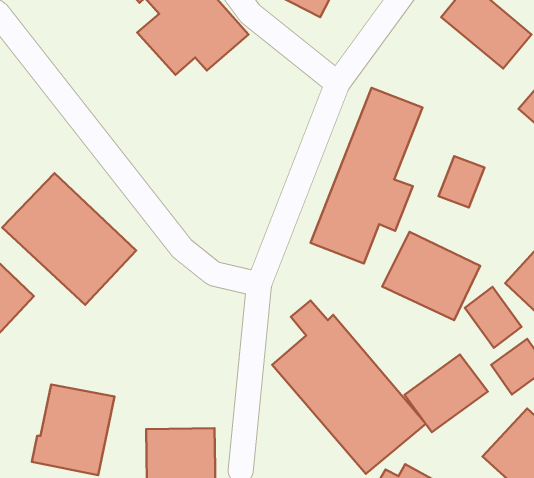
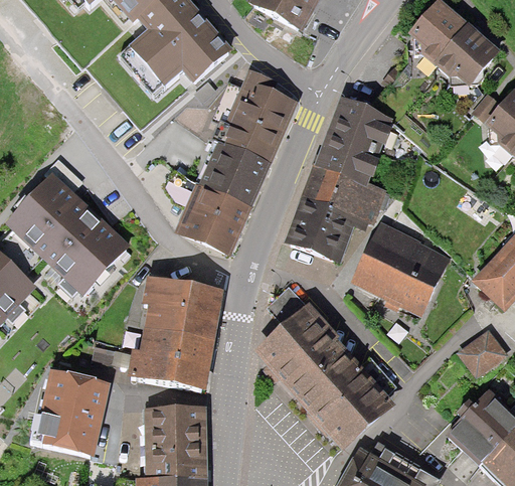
building: none -> [165,67,300,257]
building: [438,156,485,208] -> none
building: none -> [130,279,222,389]
building: [465,287,521,348] -> none
building: [405,354,488,432] -> none

